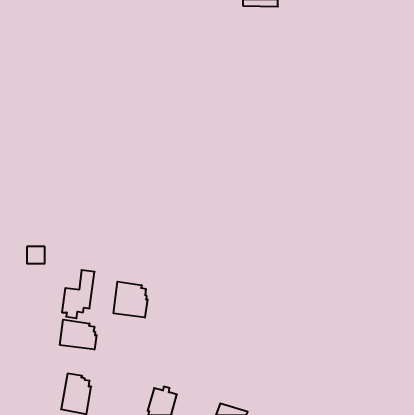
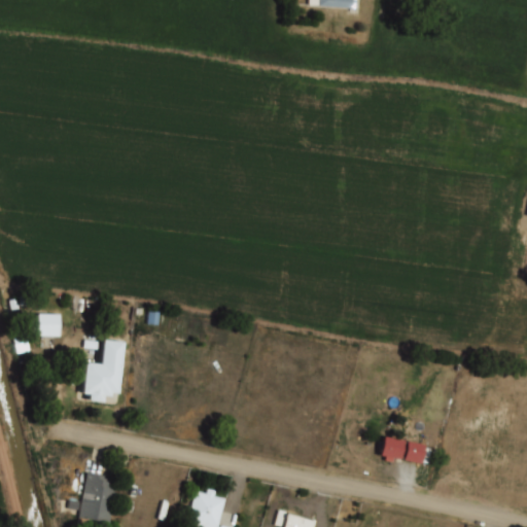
building: [114,282,148,318] -> none
building: [60,320,97,350] -> none
building: none -> [380,436,426,464]

